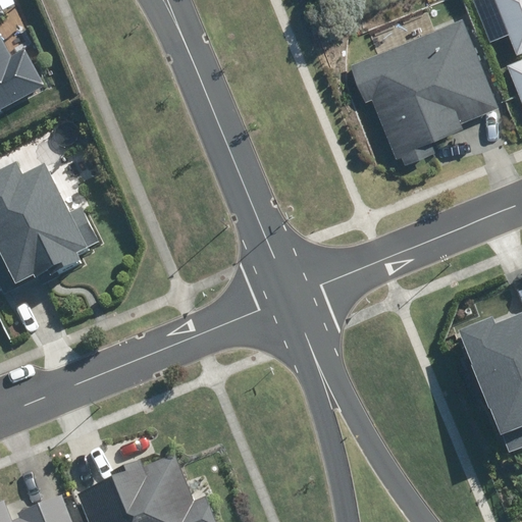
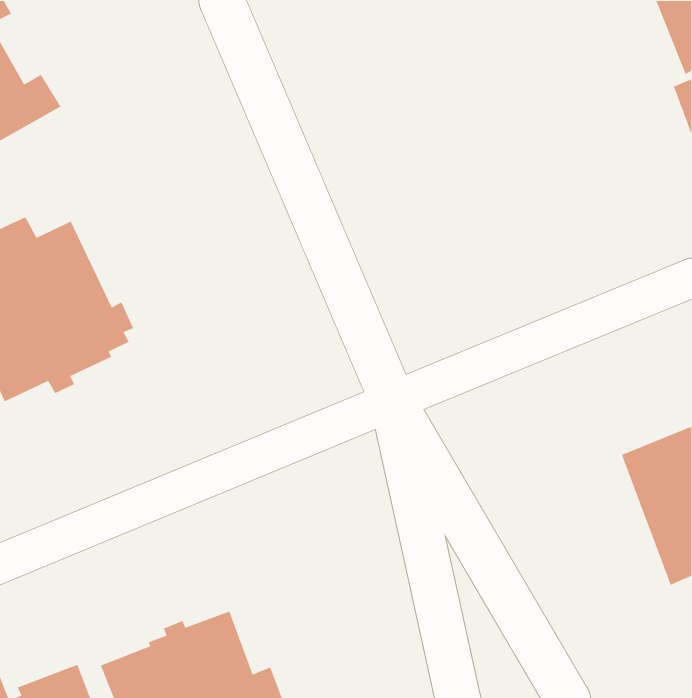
building: [353,17,501,162] -> none

